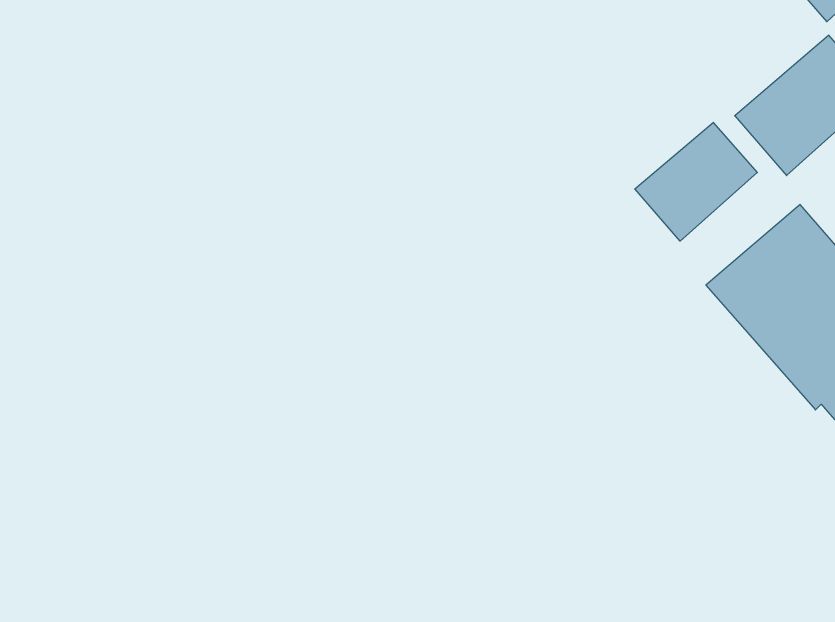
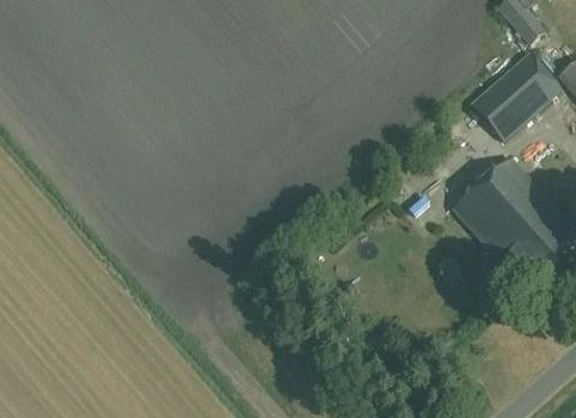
building: [635,122,757,241] -> none

